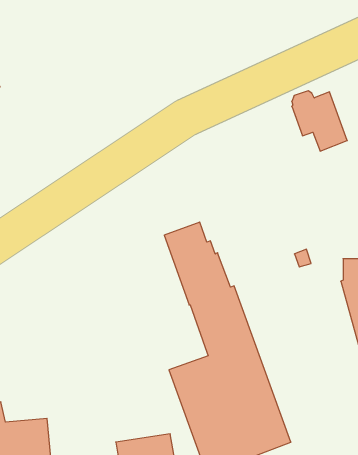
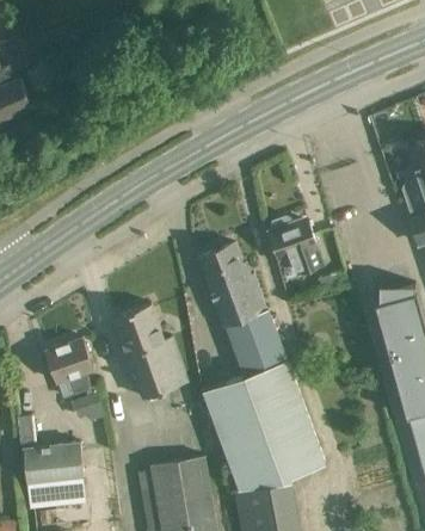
building: [292,91,347,151] -> [270,217,326,278]
building: none -> [115,305,189,399]
building: none -> [47,339,105,424]

